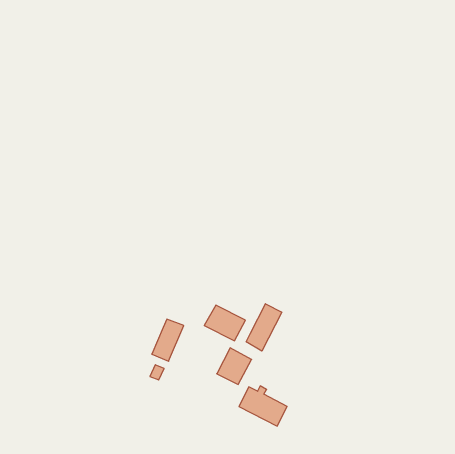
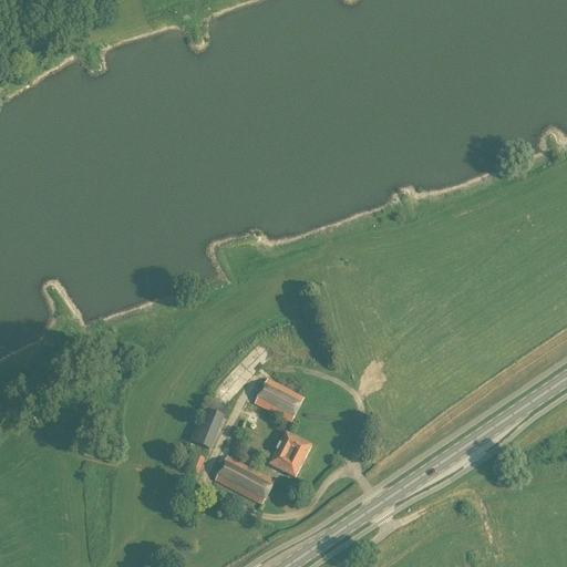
building: [246,304,282,351] -> none
building: [239,386,287,426] -> [215,455,275,505]

